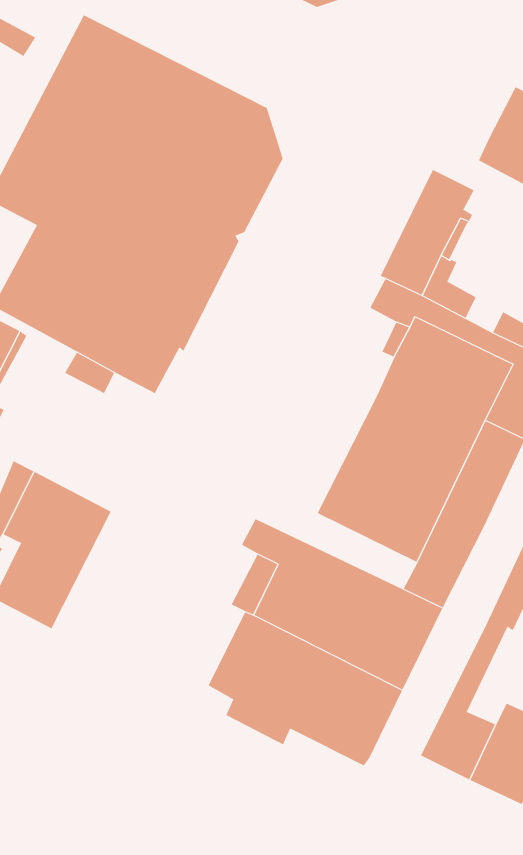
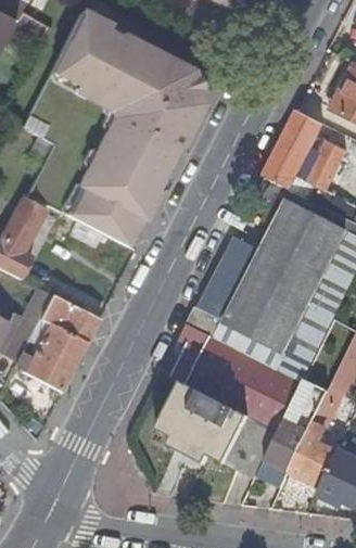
building: none -> [307,139,346,188]
building: none -> [190,233,288,367]
building: none -> [258,379,329,484]

